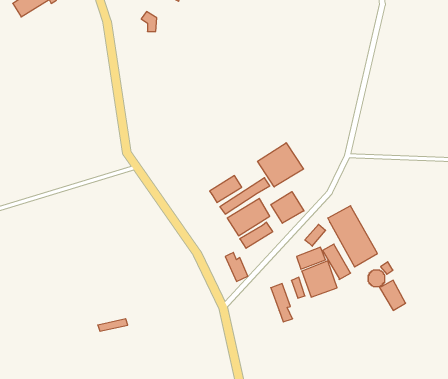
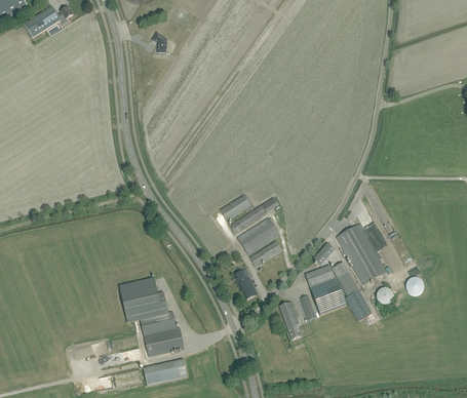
building: [258,143,304,187] -> none
building: [271,192,304,223] -> none
building: none -> [119,278,184,356]
building: [380,280,406,310] -> [345,290,371,320]
building: none -> [143,358,187,385]

